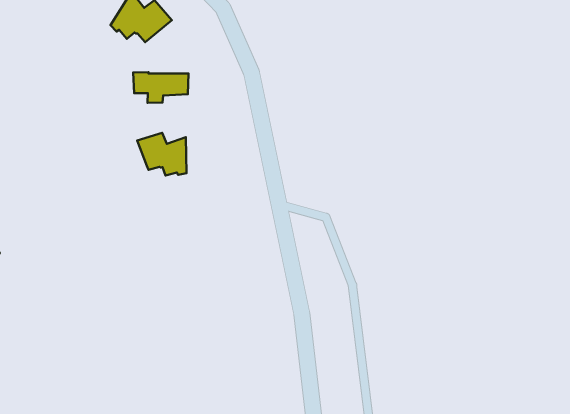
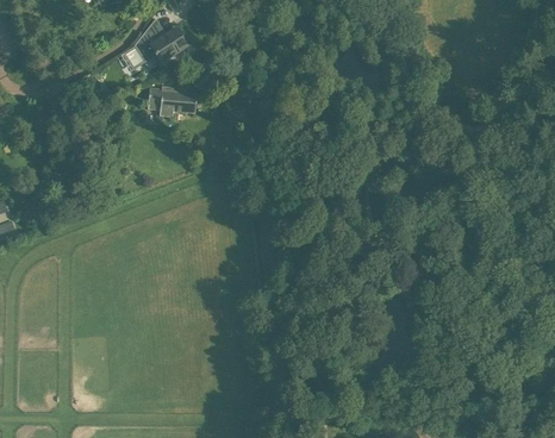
building: [137,133,187,176] -> none

